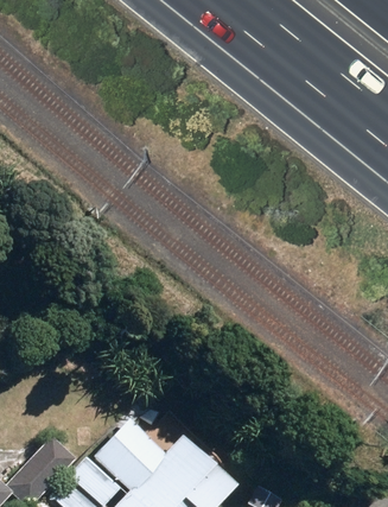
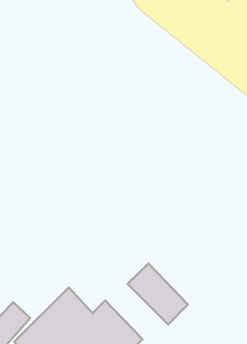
building: none -> [128,264,188,325]

